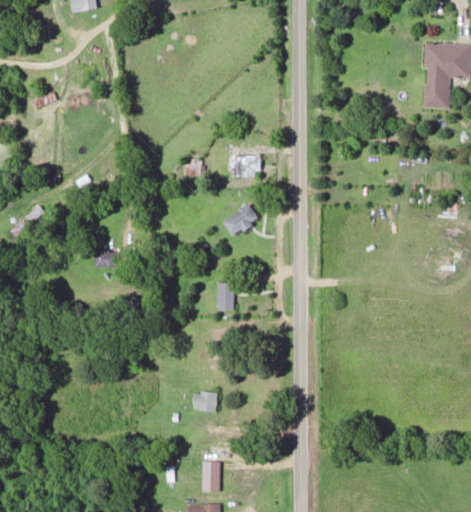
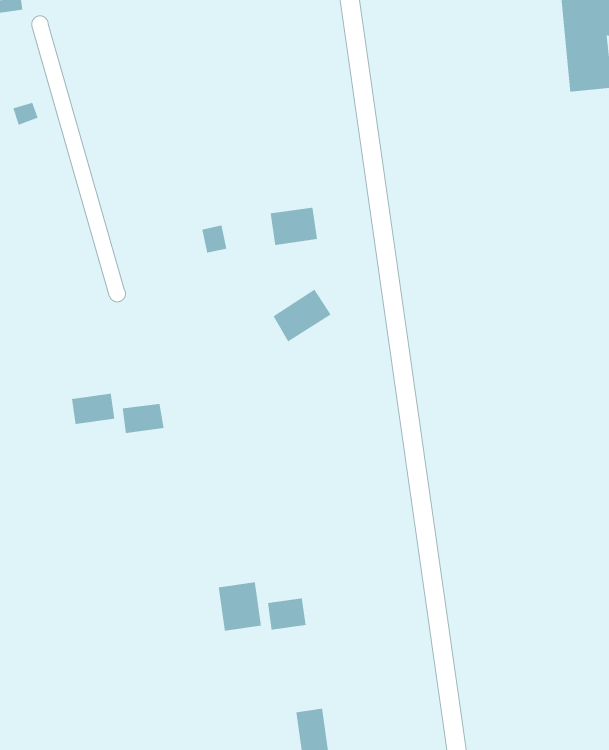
building: none -> [122,403,164,434]
building: [218,283,234,310] -> none
building: none -> [218,582,261,631]

